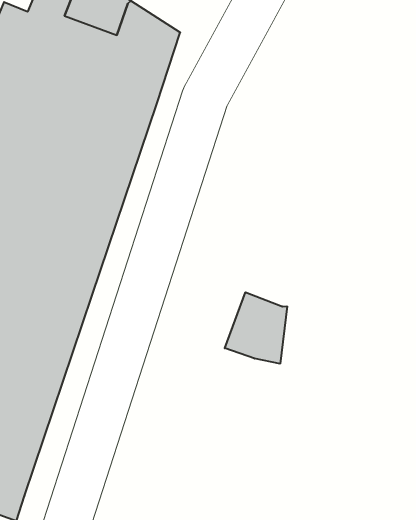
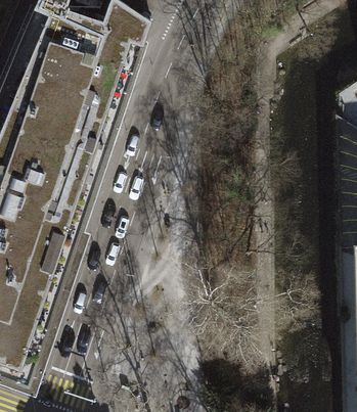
building: [225,292,287,364] -> none

